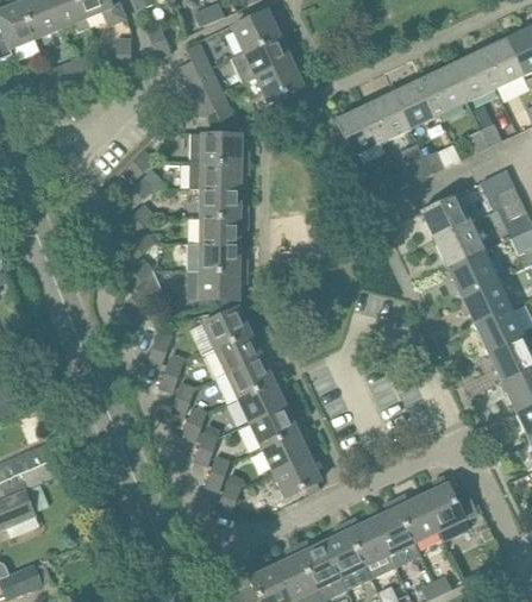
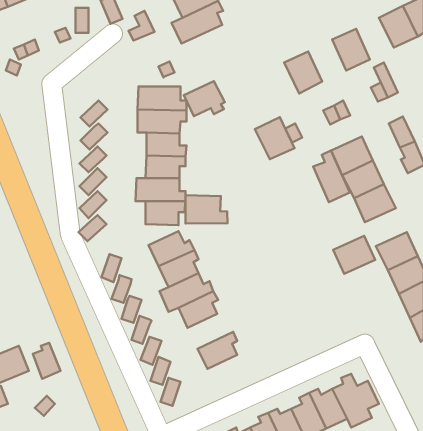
building: [450,51,495,101] -> none
building: [255,59,303,101] -> [184,81,225,116]
building: [184,68,221,104] -> none
building: [393,77,438,127] -> none
building: [334,105,382,155] -> [255,117,295,159]
building: none -> [313,151,350,202]
building: none -> [185,195,228,223]
building: [461,278,511,324] -> [333,236,375,274]
building: [249,405,303,446] -> none
building: none -> [33,343,61,379]
building: [273,453,320,496] -> none

